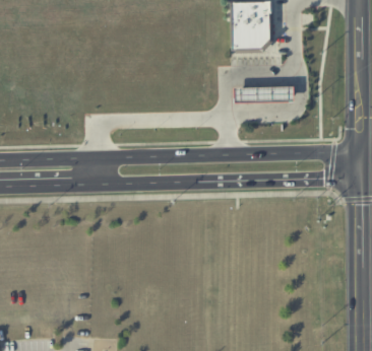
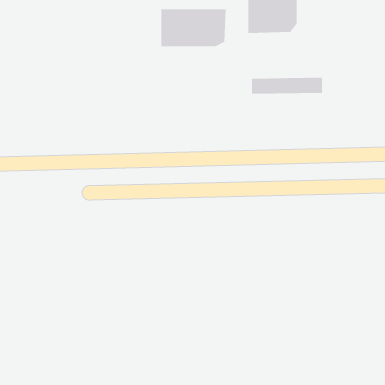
building: none -> [161,9,226,47]

